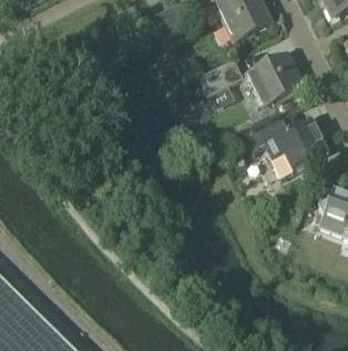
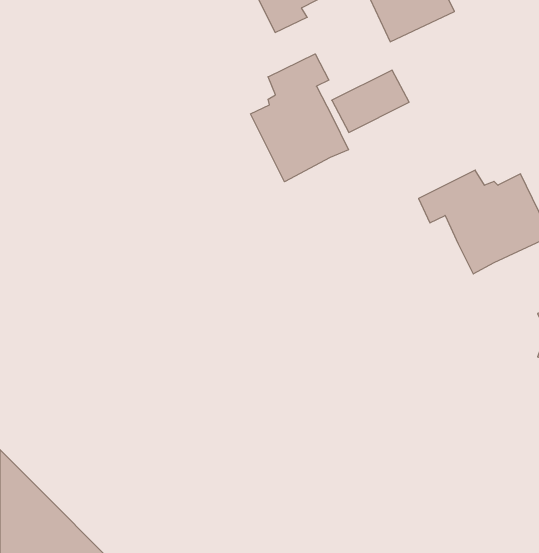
building: none -> [251,54,348,182]
building: [246,54,300,104] -> none

